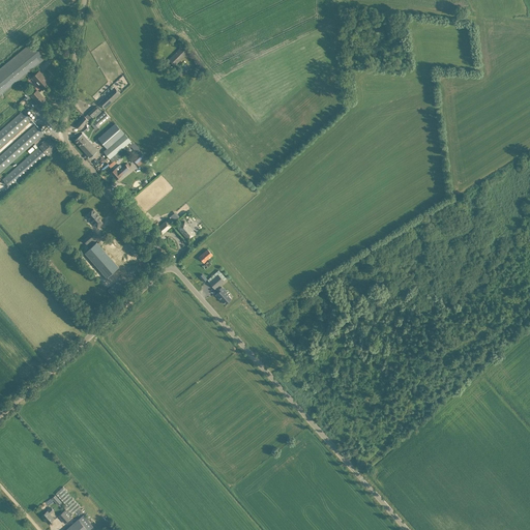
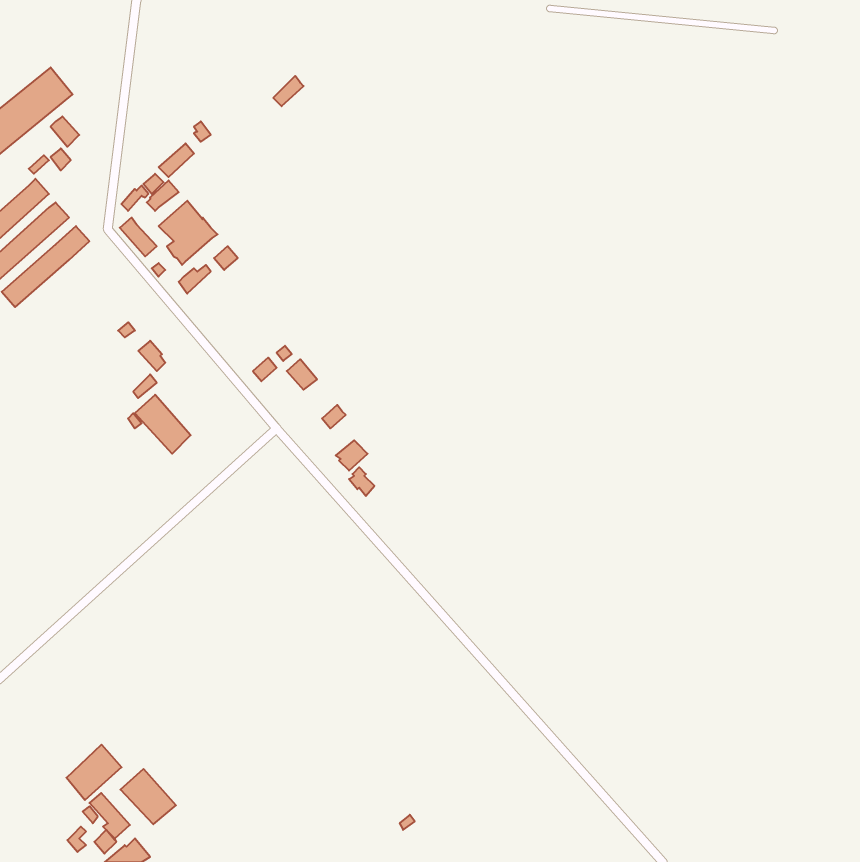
building: none -> [66,745,122,800]
building: none -> [120,769,176,824]

